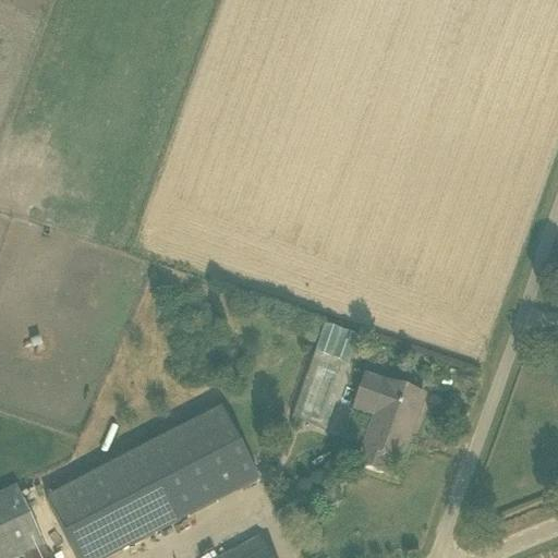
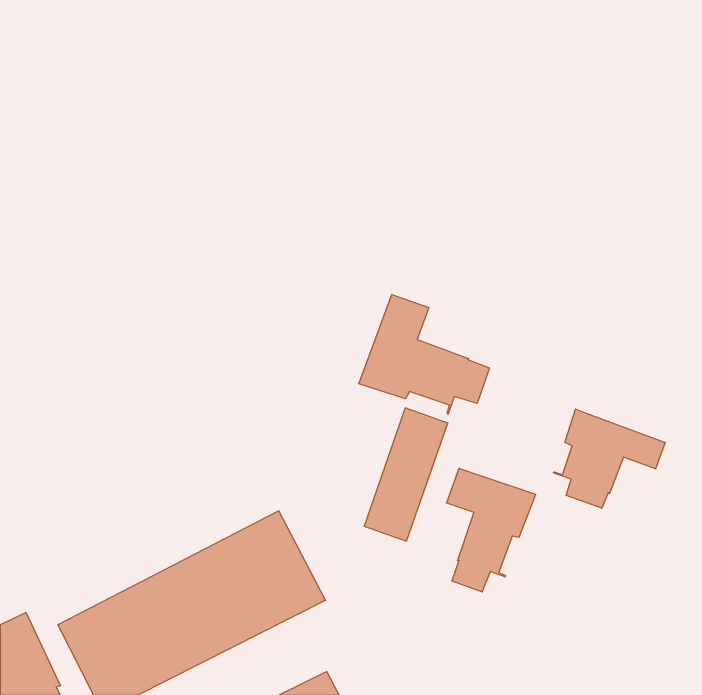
building: none -> [359,295,489,414]
building: none -> [553,409,665,508]

